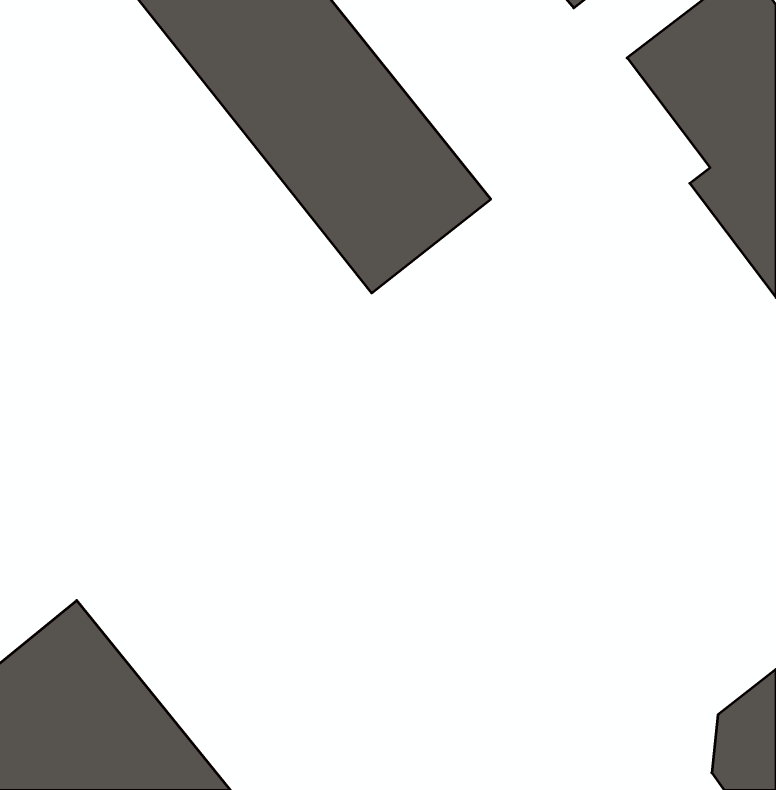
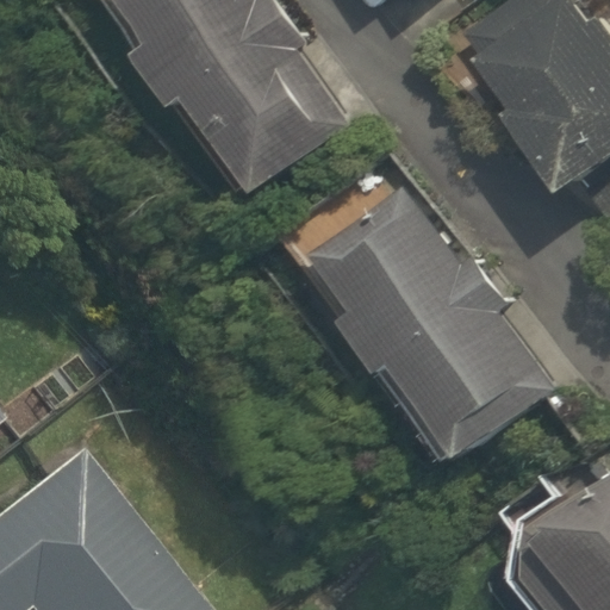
building: none -> [329,205,567,465]

